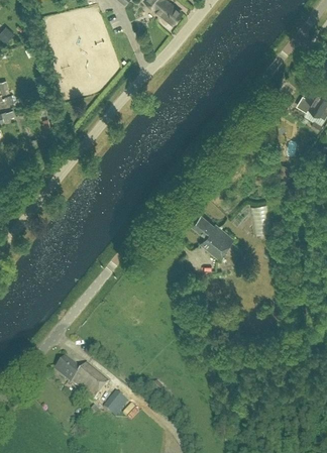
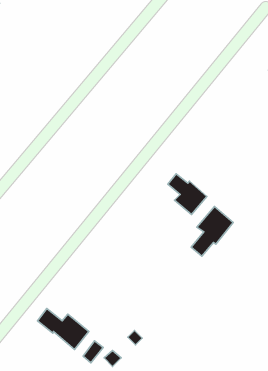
building: none -> [191,207,233,256]

